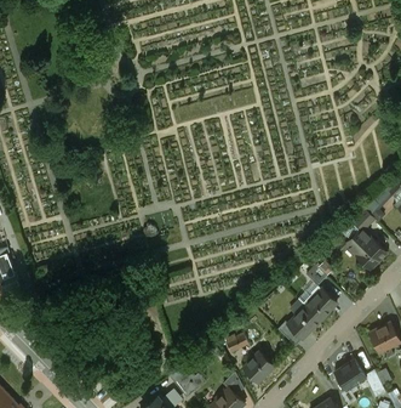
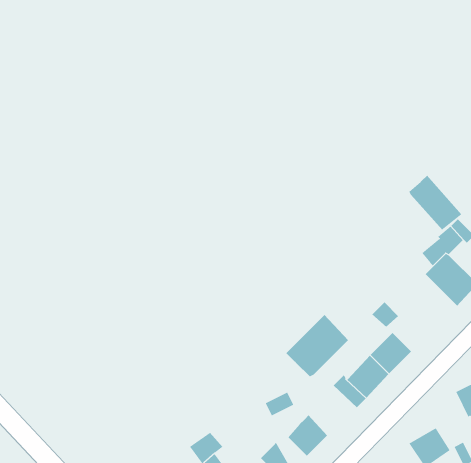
building: none -> [409,175,462,231]
building: none -> [286,314,349,377]

